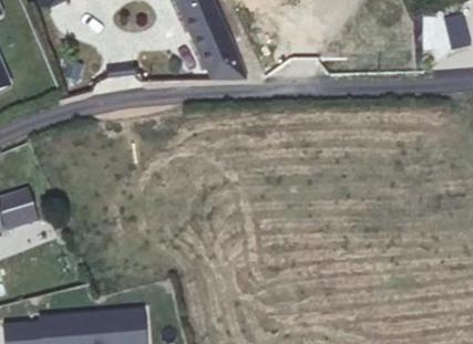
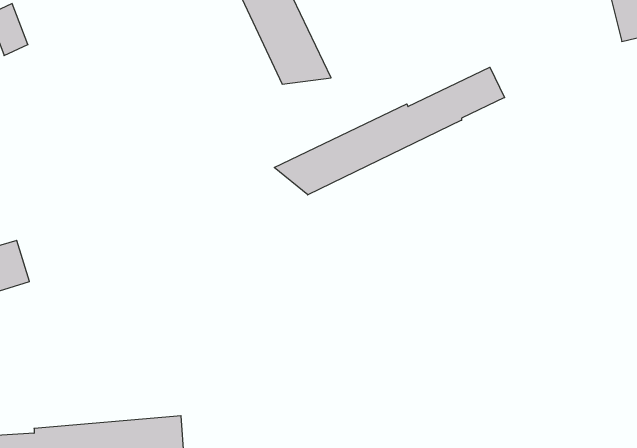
building: none -> [274,67,505,195]

